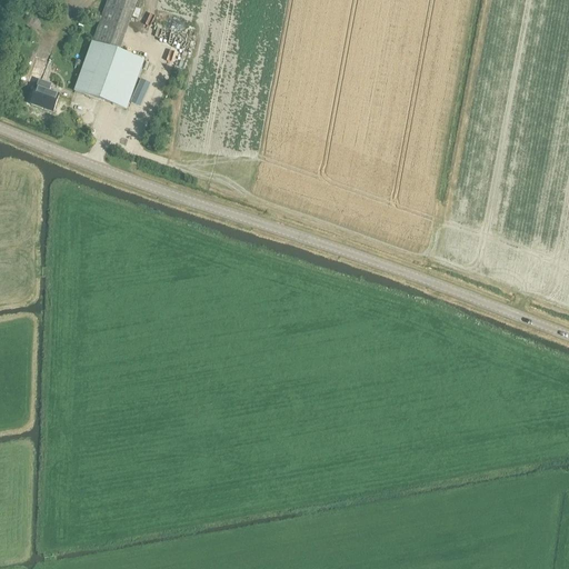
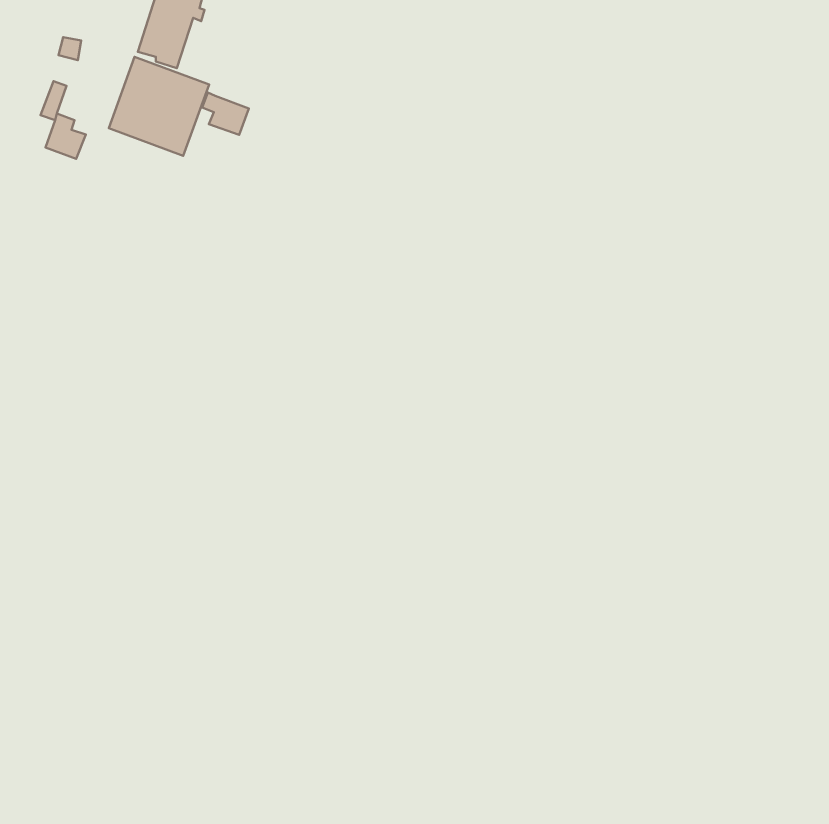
building: none -> [202,93,249,135]

